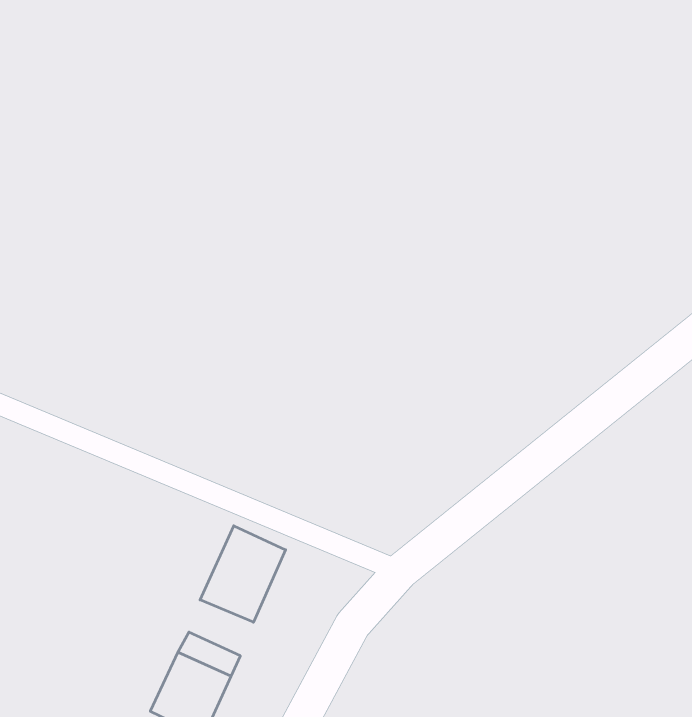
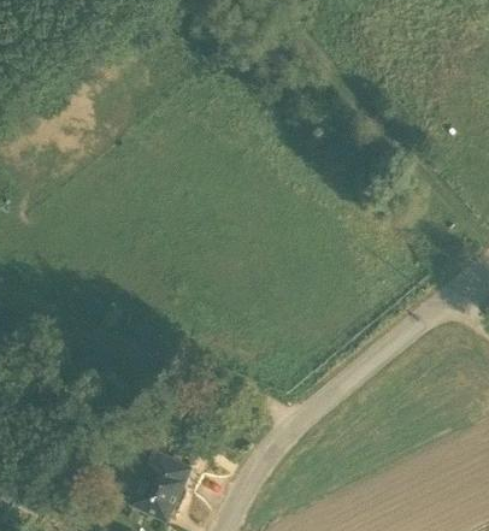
building: [200,526,286,622] -> none

